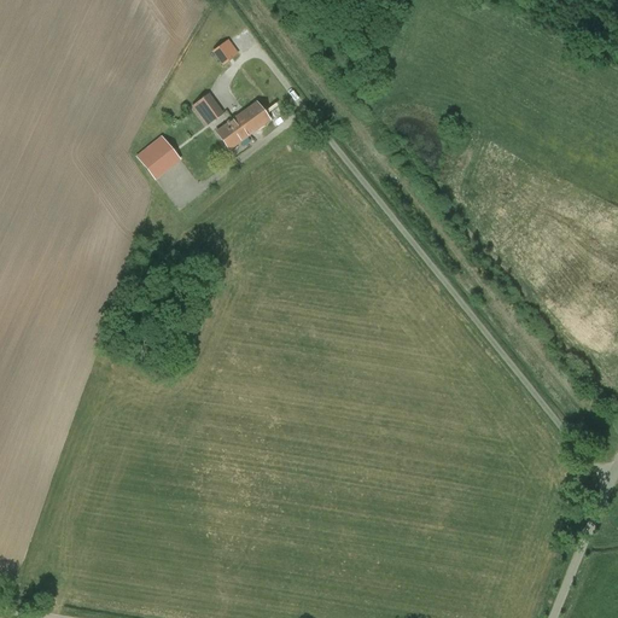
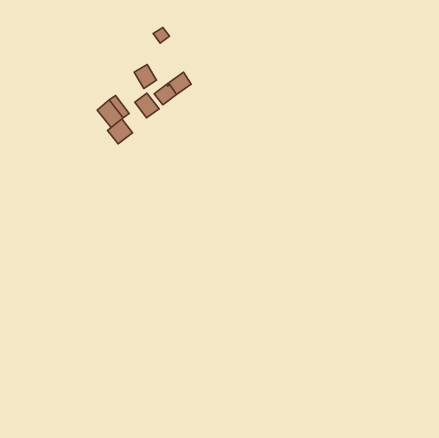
building: none -> [135,93,159,118]
building: none -> [108,119,132,144]

